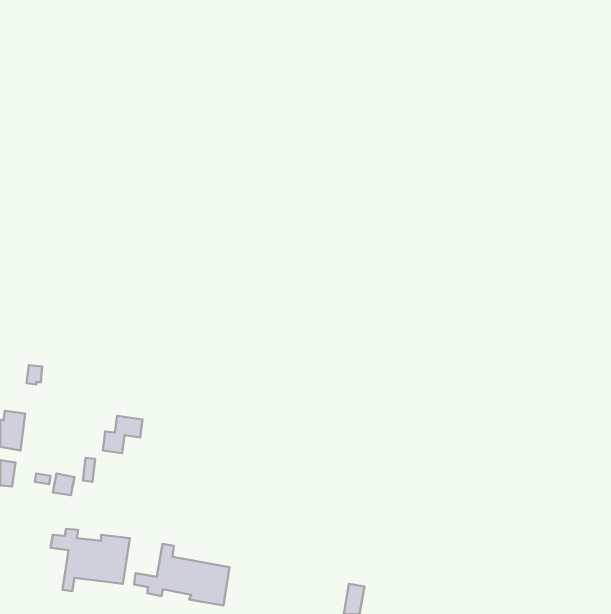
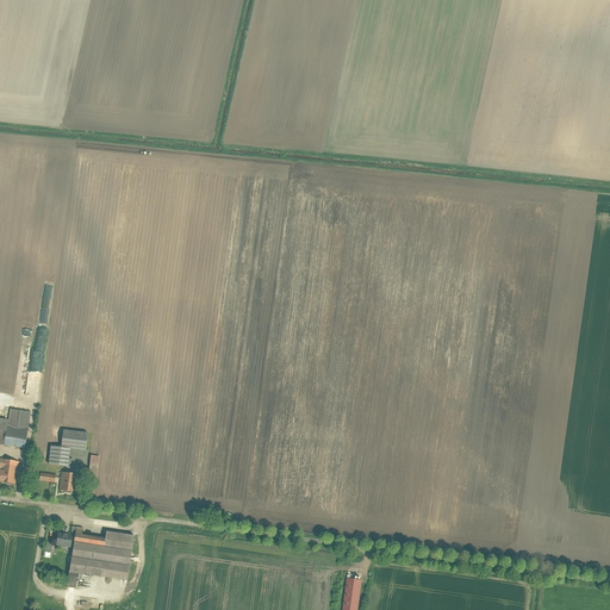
building: [103,416,142,453] -> [46,428,86,465]
building: [134,544,230,606] -> none

